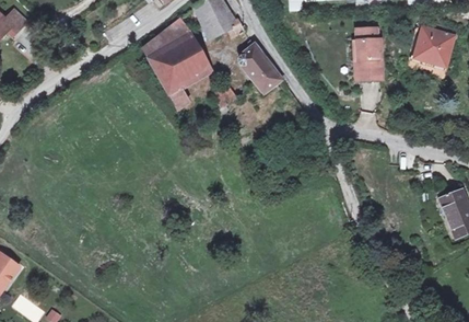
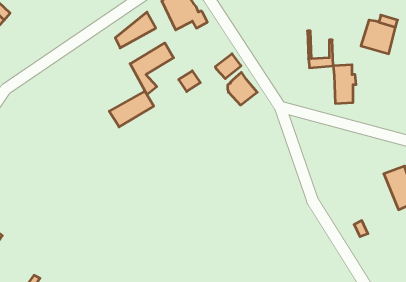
building: [357,27,383,70] -> [333,65,356,103]
building: [149,36,198,76] -> [109,91,154,127]
building: [239,43,272,79] -> [228,72,257,105]

